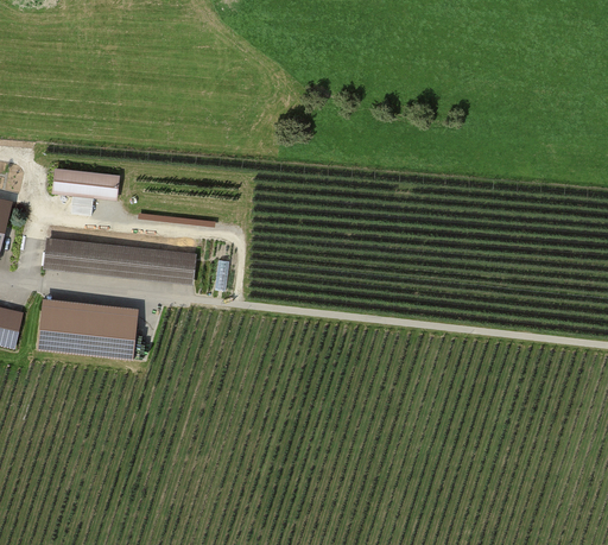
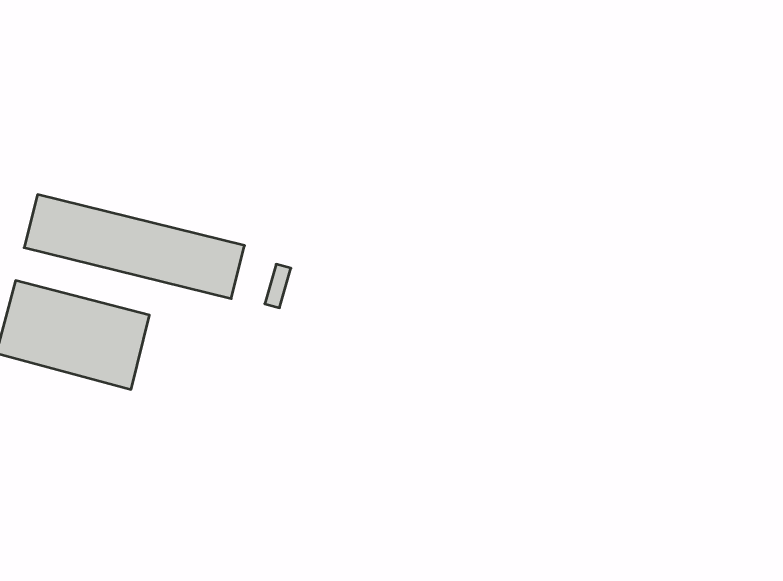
building: [53,166,122,197] -> none

